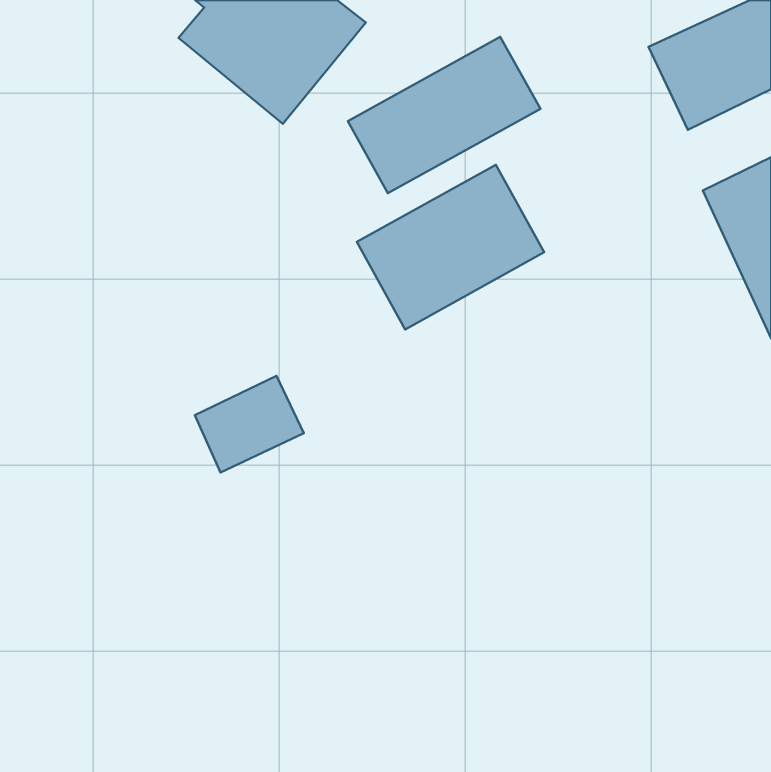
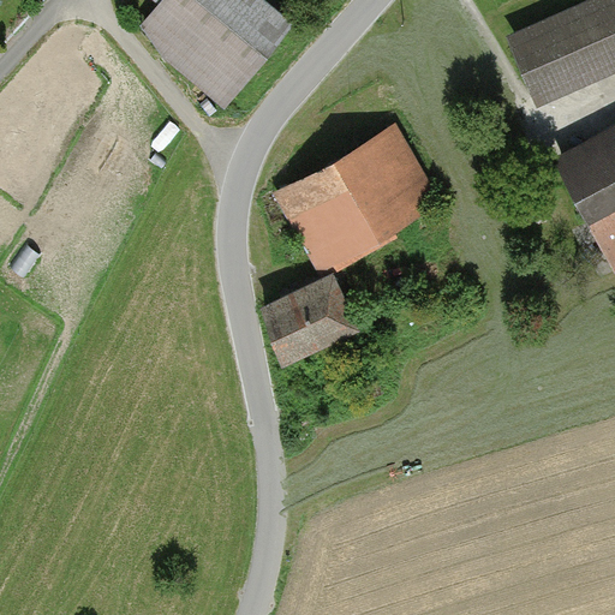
building: [348,37,540,193] -> none
building: [195,376,304,473] -> [265,277,352,354]

